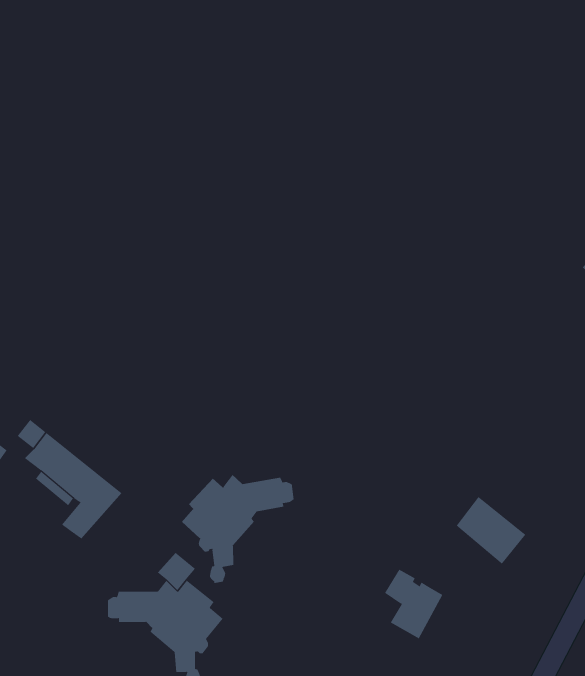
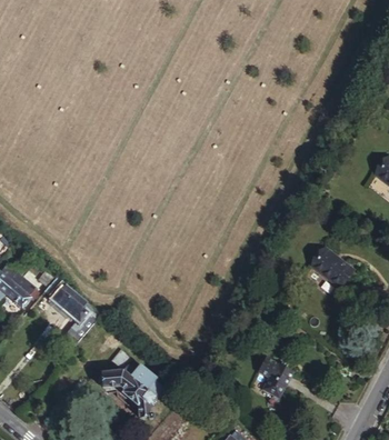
building: [181,474,294,584] -> none
building: [456,496,526,564] -> [316,249,358,290]

